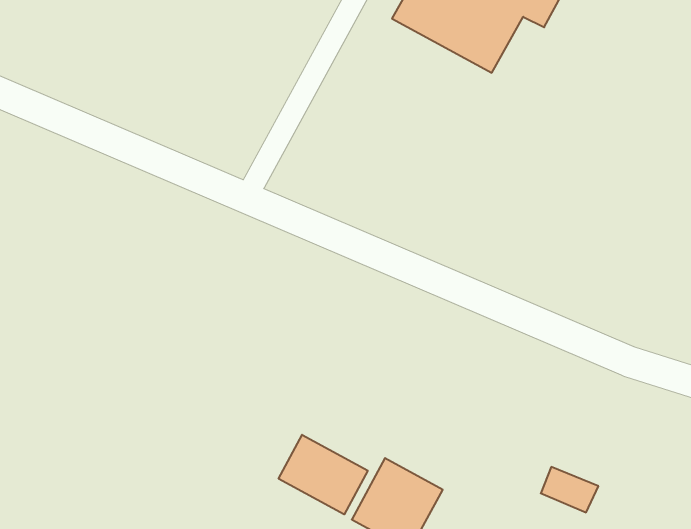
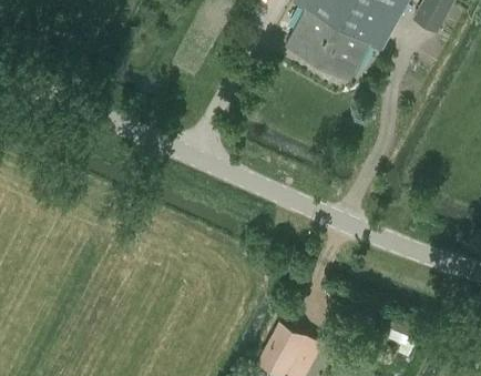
building: [279,435,368,514] -> none

